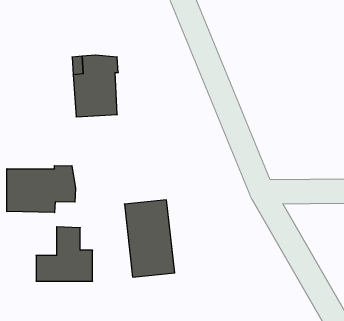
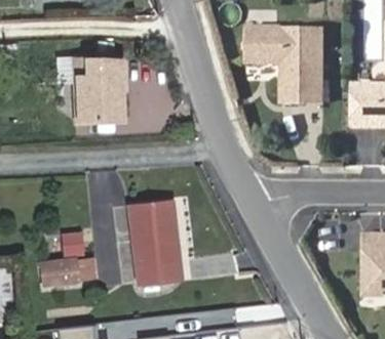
building: none -> [248,28,326,104]
building: [7,166,75,213] -> none

